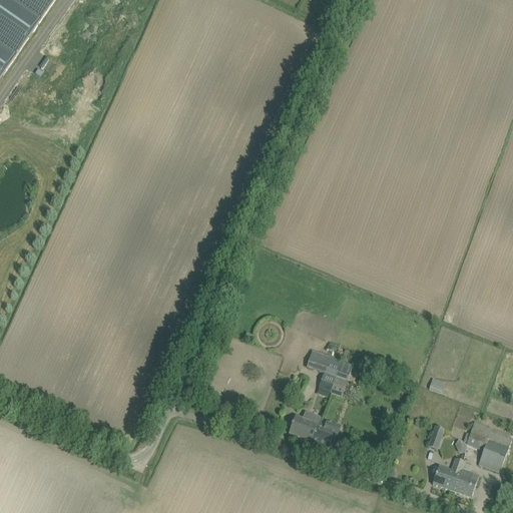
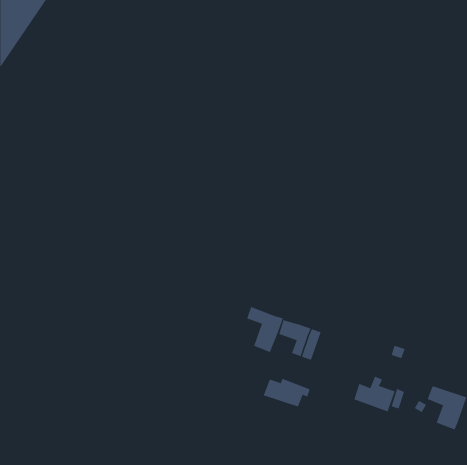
building: none -> [246,306,284,353]
building: [432,457,478,497] -> [353,376,396,412]

